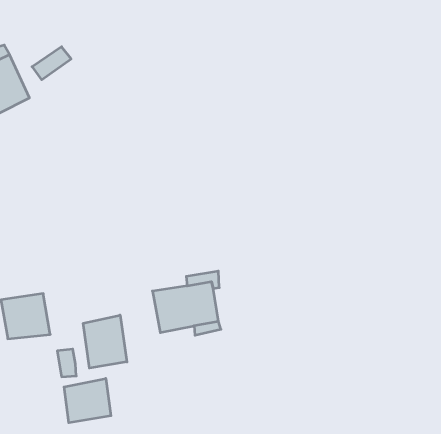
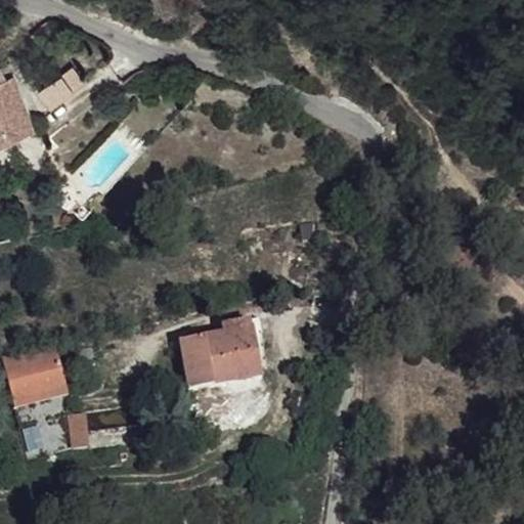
building: [83,315,127,368] -> none
building: [64,378,111,423] -> none

